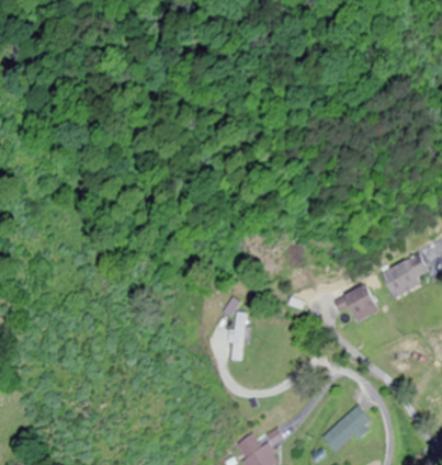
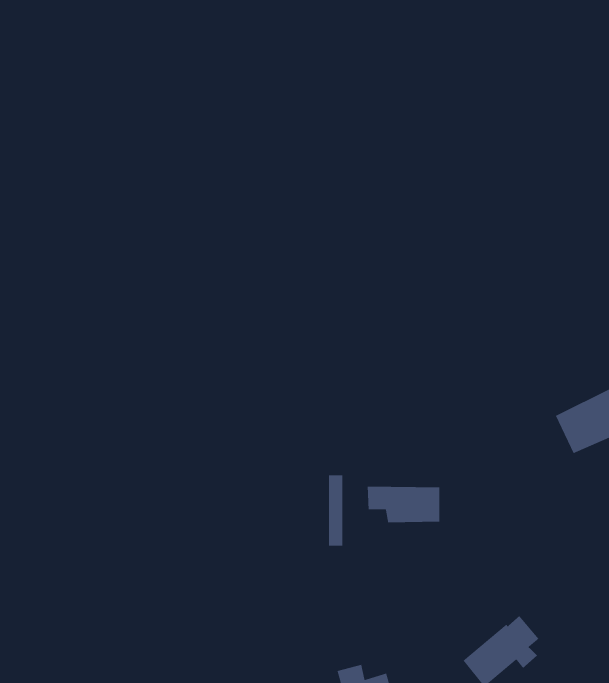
building: [333,284,377,319] -> none
building: none -> [367,486,440,523]

